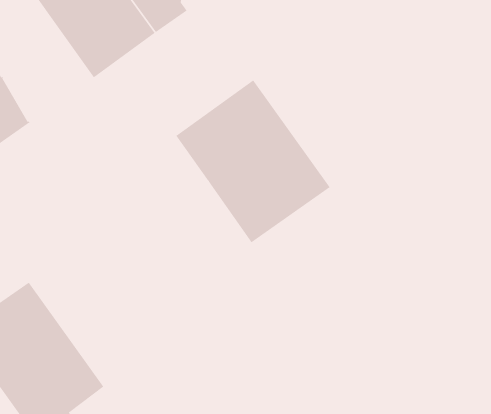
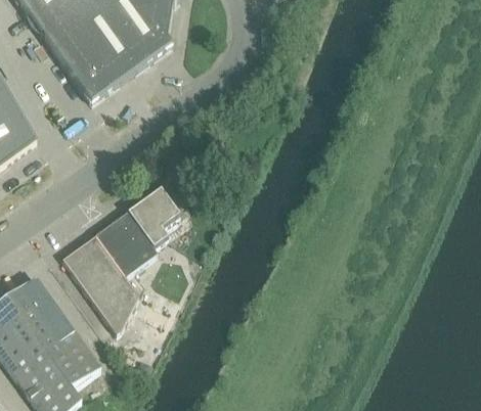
building: [175,80,330,243] -> none
building: none -> [61,186,180,332]

